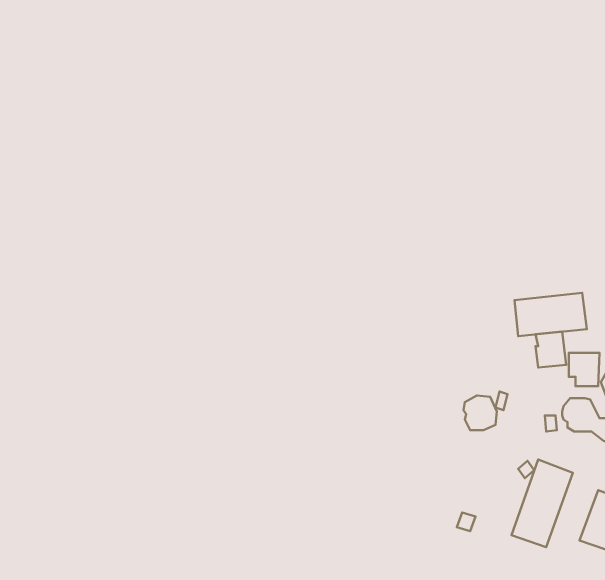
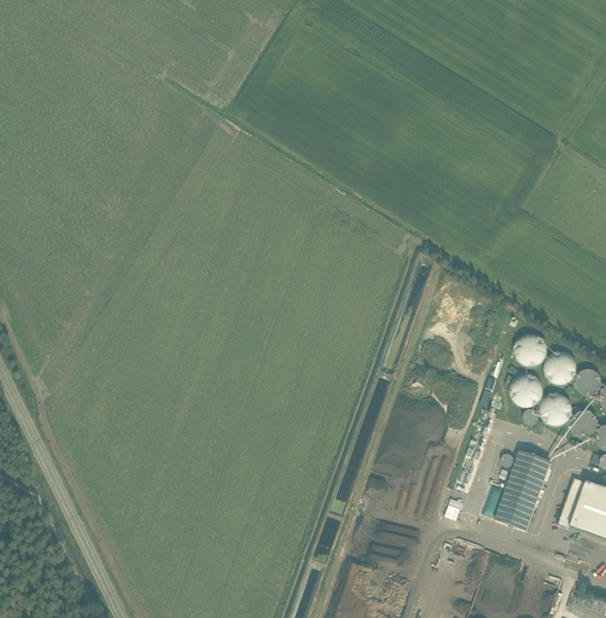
building: [515,293,587,336] -> none
building: [464,395,497,430] -> [512,374,542,406]

